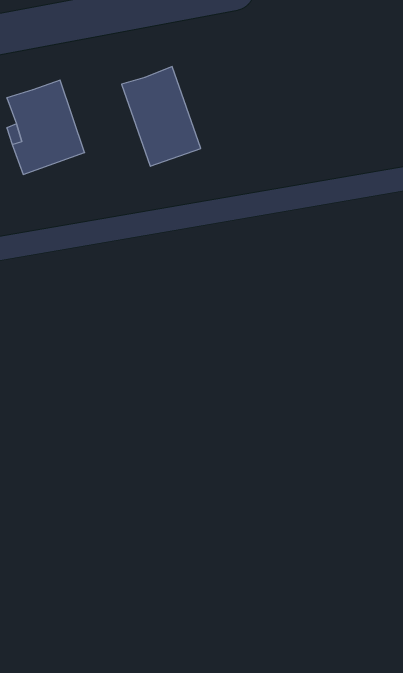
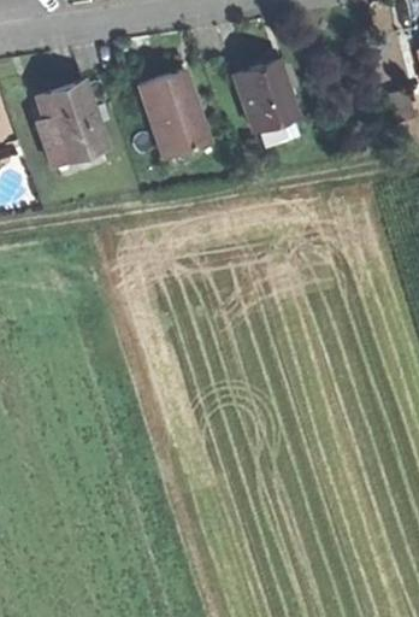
building: none -> [236,61,299,133]

